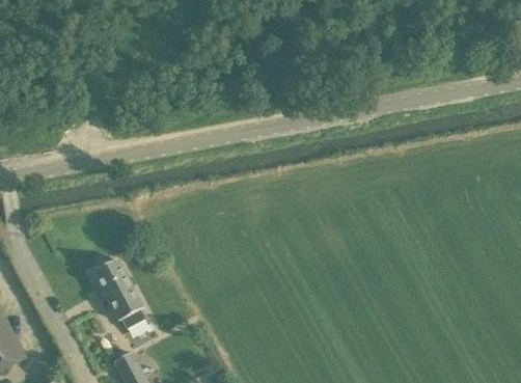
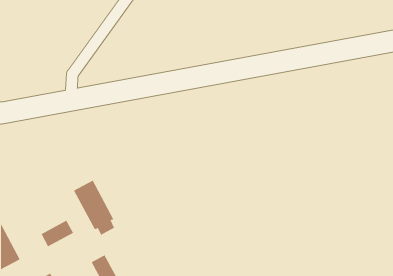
building: none -> [41,220,74,247]

